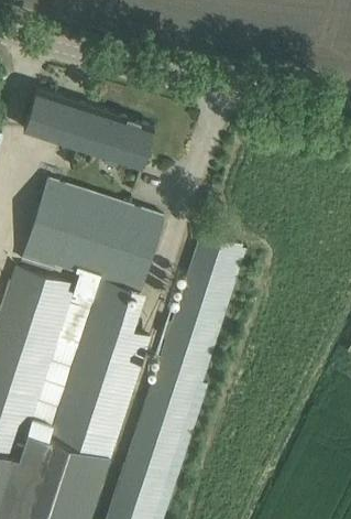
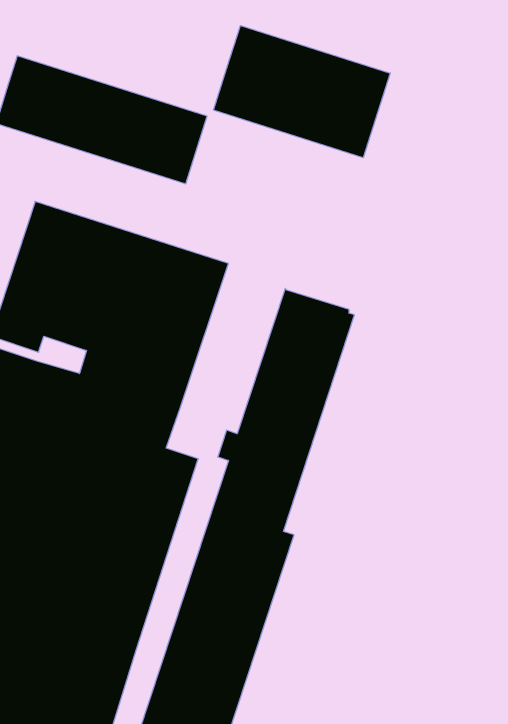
building: none -> [213,26,390,158]

